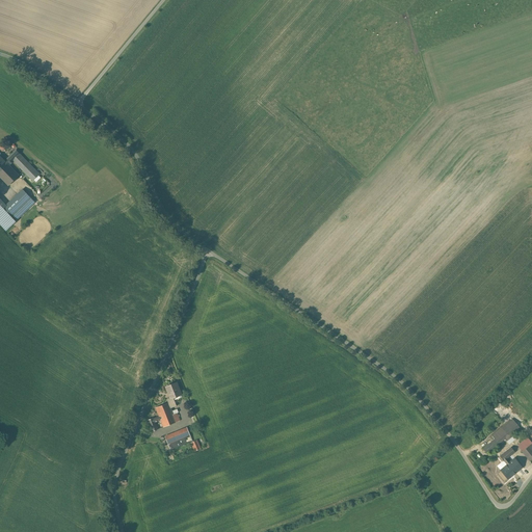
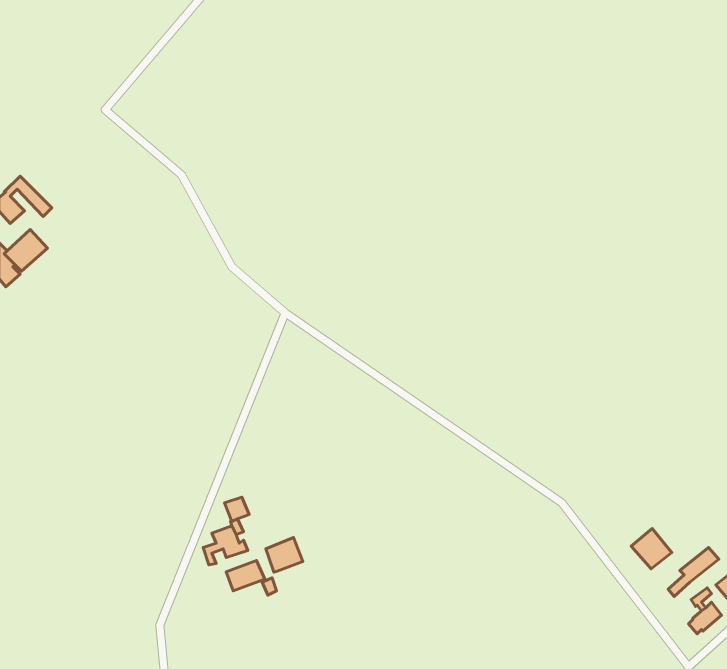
building: none -> [631,529,672,569]
building: none -> [266,538,303,572]

